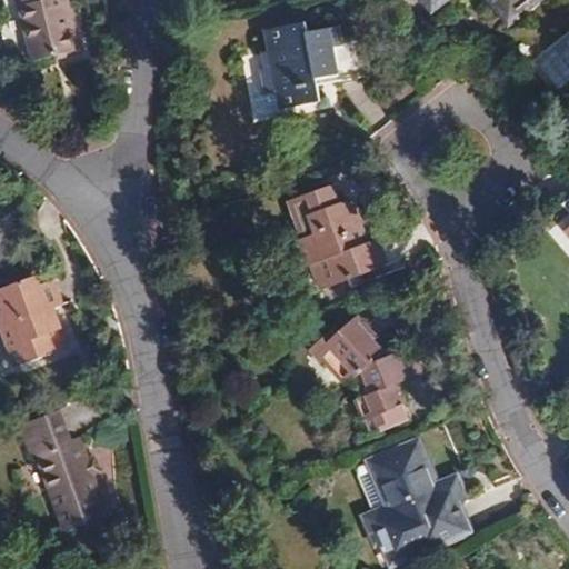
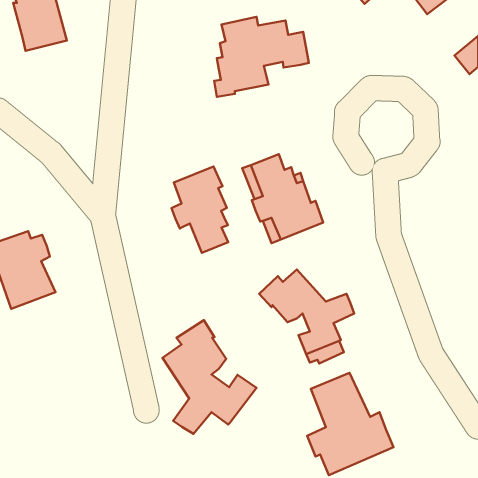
building: none -> [172,167,228,253]
building: none -> [163,320,257,434]
building: [18,409,106,529] -> none

